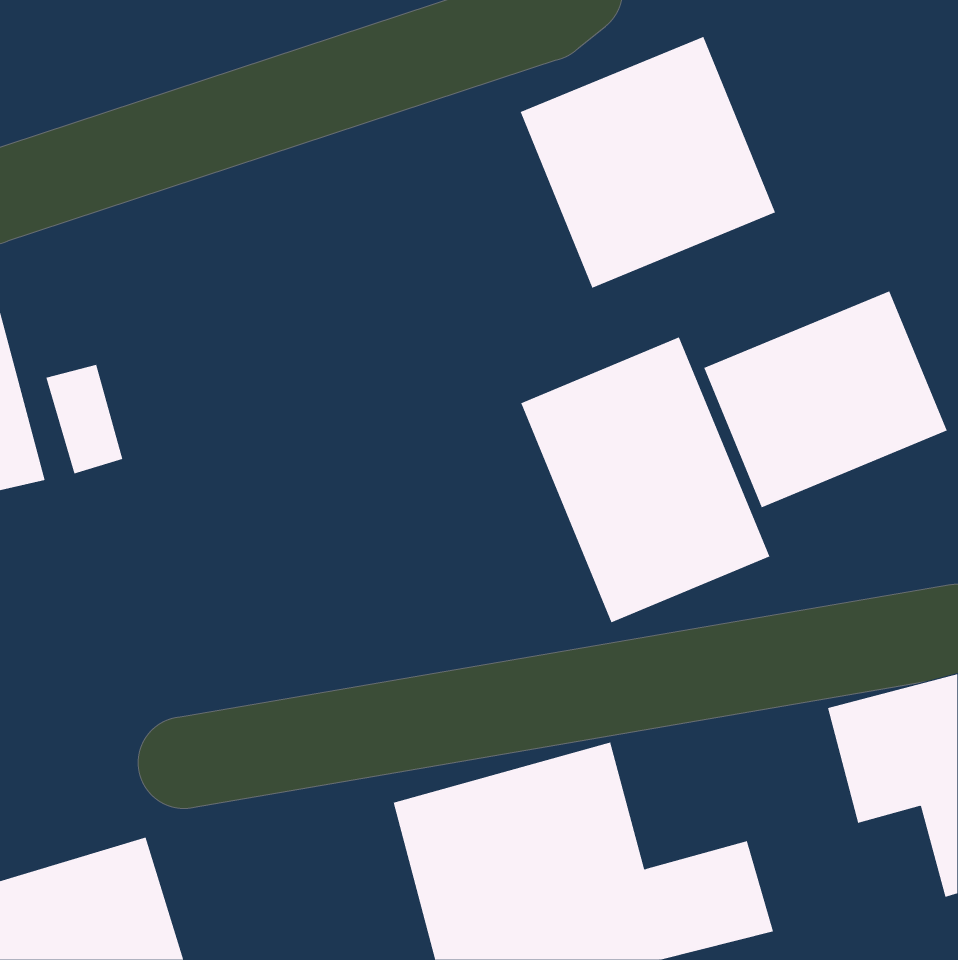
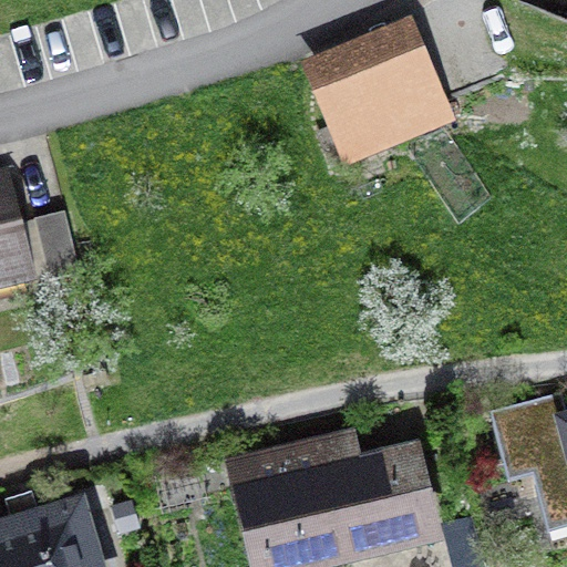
building: [704,290,948,508] -> none
building: [520,336,770,623] -> none

